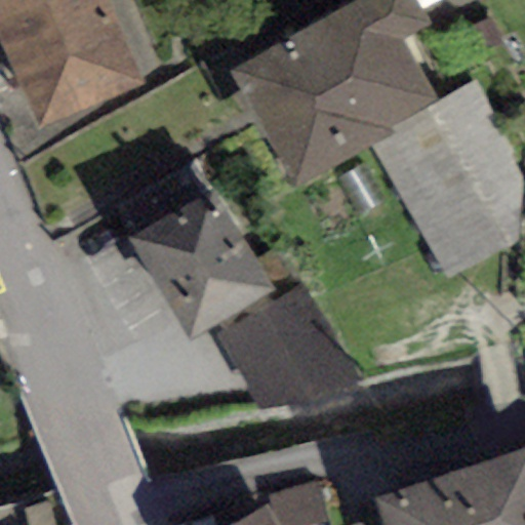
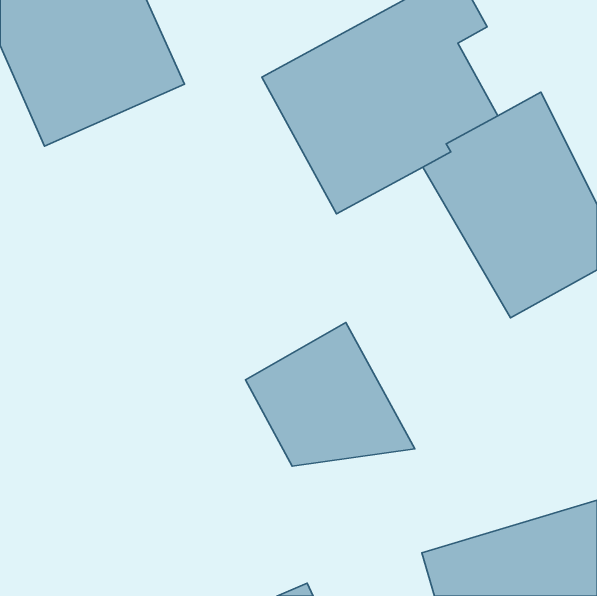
building: [127,186,273,338] -> none

